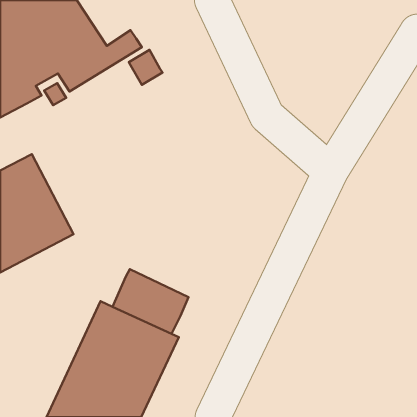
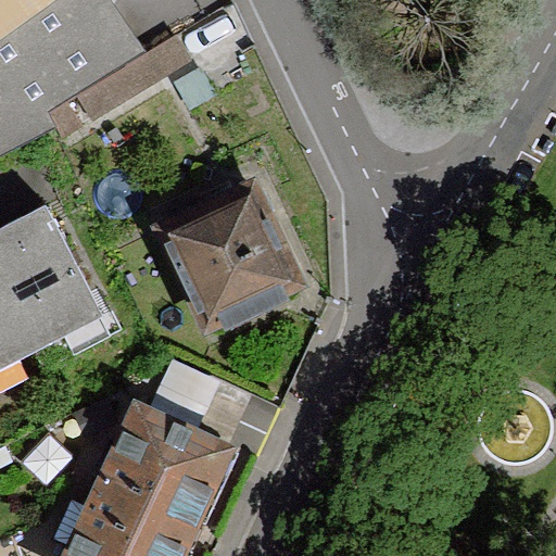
building: none -> [150,174,305,331]

